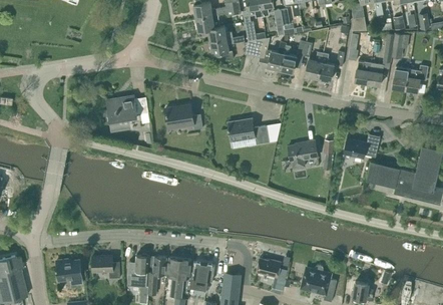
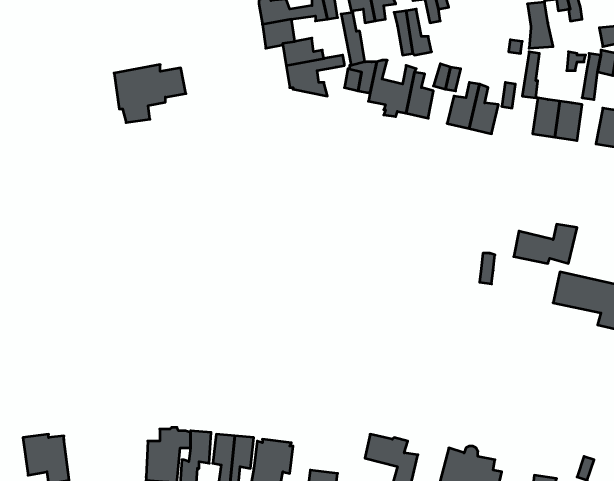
building: [107,96,149,130] -> [114,65,186,123]
building: [165,105,203,130] -> none
building: [229,119,269,145] -> none
building: [289,140,318,170] -> none
building: [92,257,120,279] -> none

